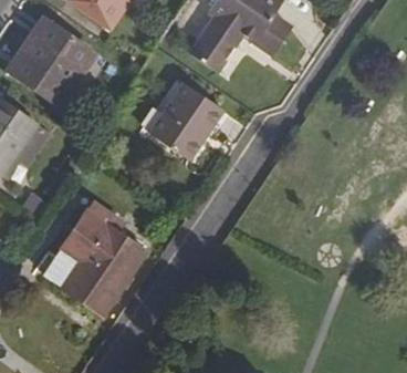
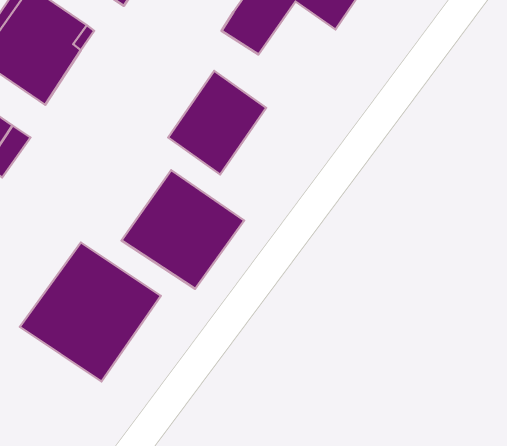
building: none -> [122,170,244,289]

